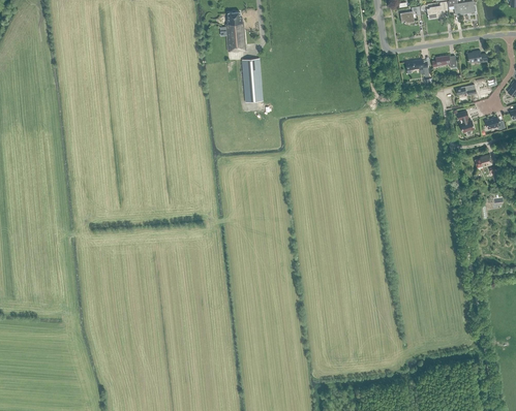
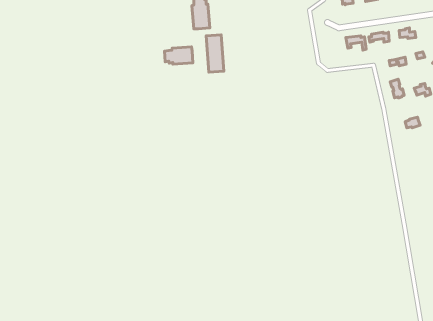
building: none -> [164,47,193,64]

